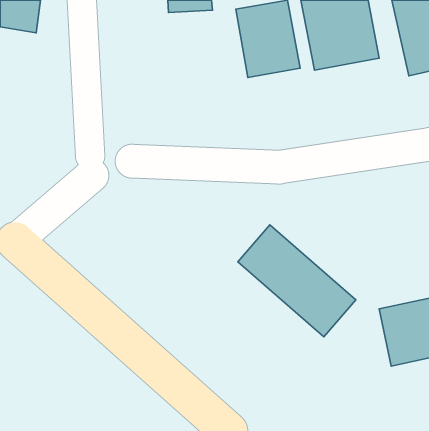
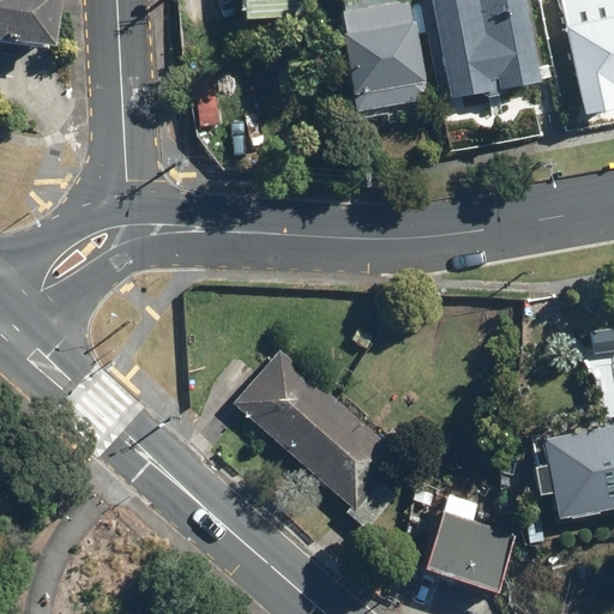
building: [238,225,356,337] -> [230,348,398,507]
building: none -> [422,492,525,592]

